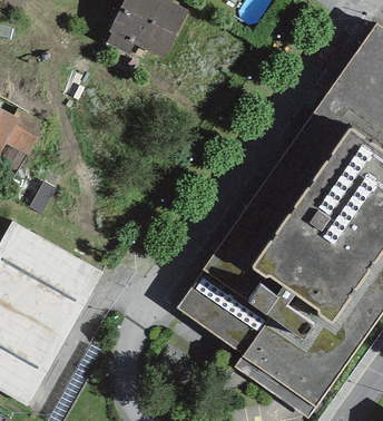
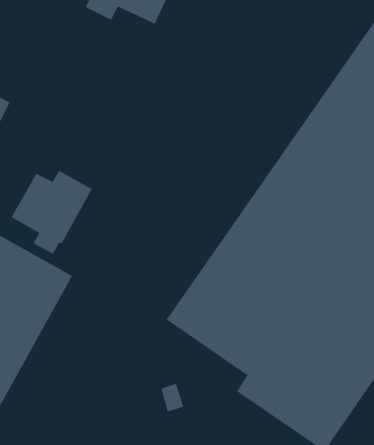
building: none -> [11,170,93,255]

